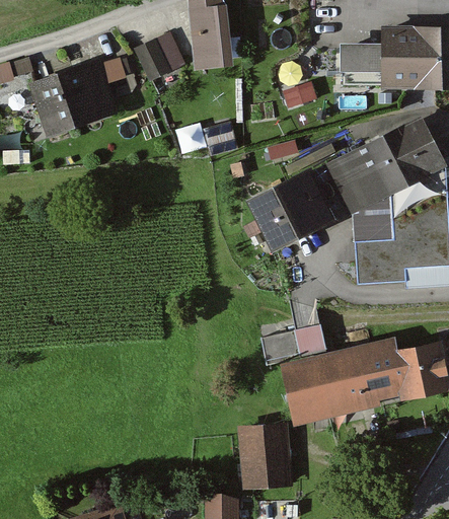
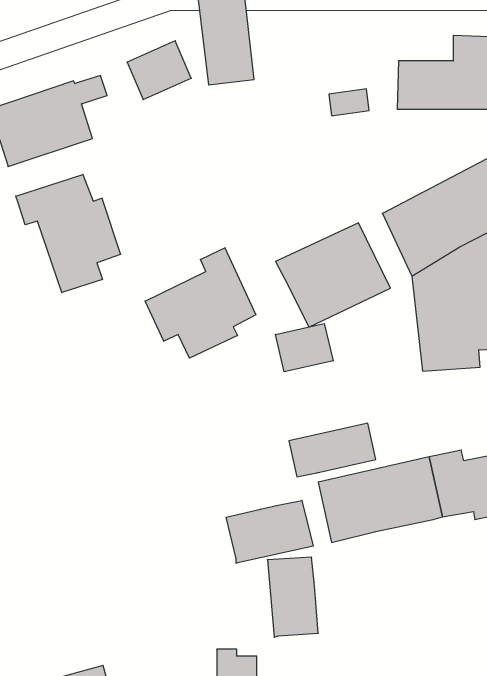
building: none -> [16,174,120,293]
building: none -> [145,248,256,358]
building: none -> [275,324,333,372]
building: none -> [226,500,313,563]

